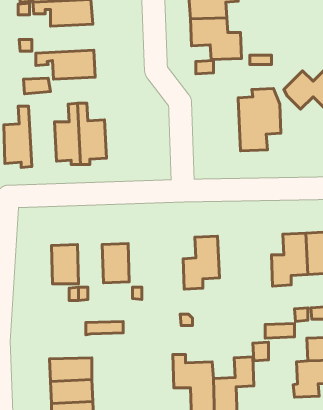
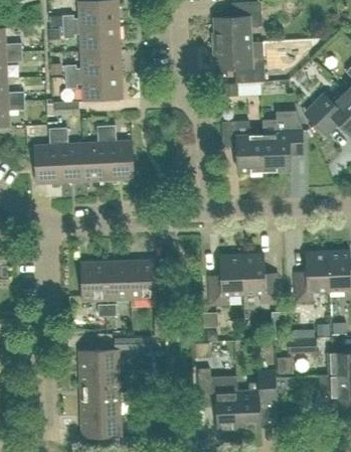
building: none -> [64,48,122,77]
building: none -> [221,121,264,172]
building: none -> [58,127,85,186]
building: none -> [241,254,278,303]
building: none -> [106,262,131,300]
building: none -> [78,348,120,372]

